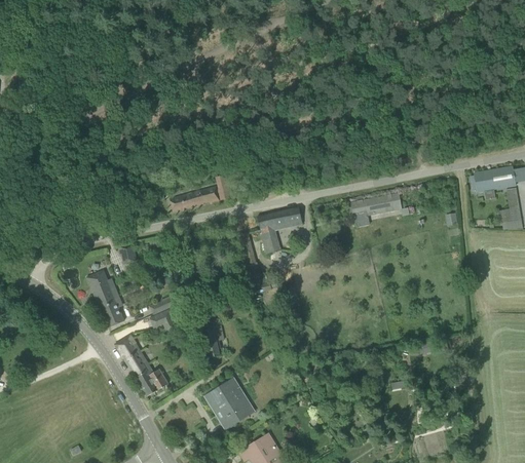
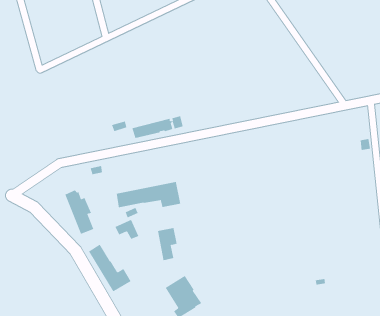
building: [351,192,402,215] -> none
building: [257,207,303,253] -> none
building: none -> [116,181,181,208]

